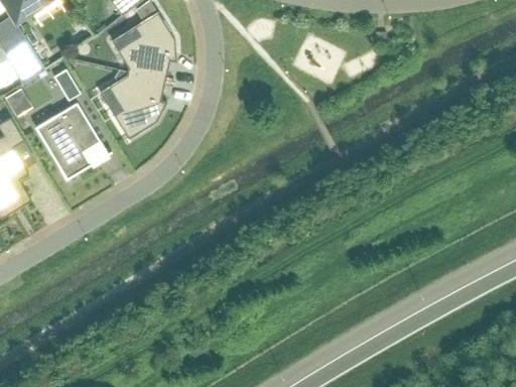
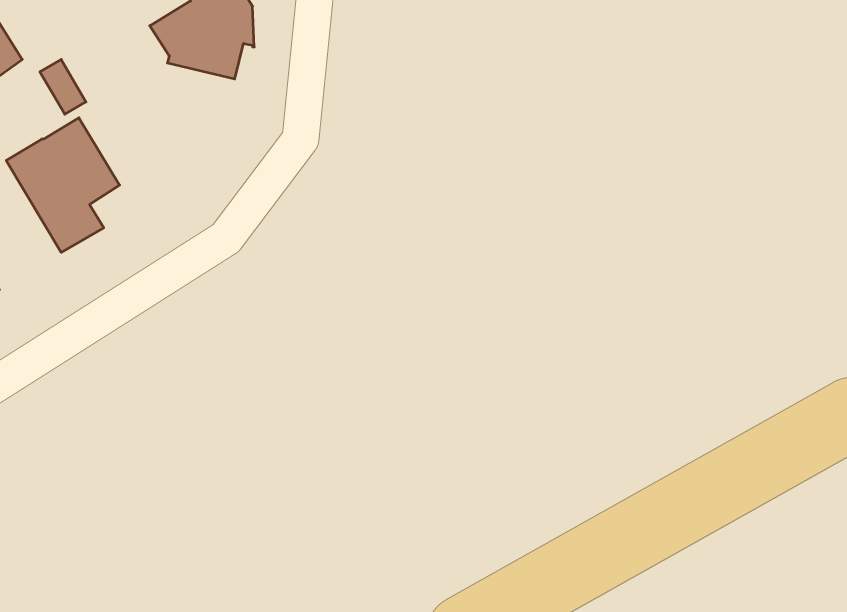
building: [108,71,166,138] -> none

